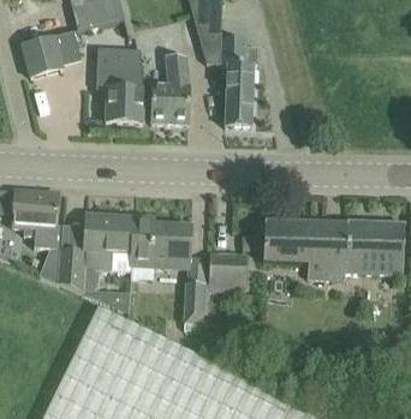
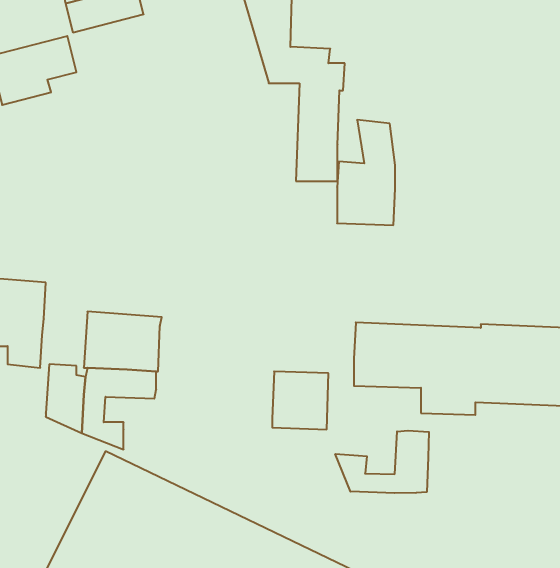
building: [96,48,144,124] -> none
building: [151,55,190,125] -> [337,120,395,225]
building: [131,223,191,280] -> none
building: [184,283,206,324] -> none
building: none -> [335,431,429,493]

